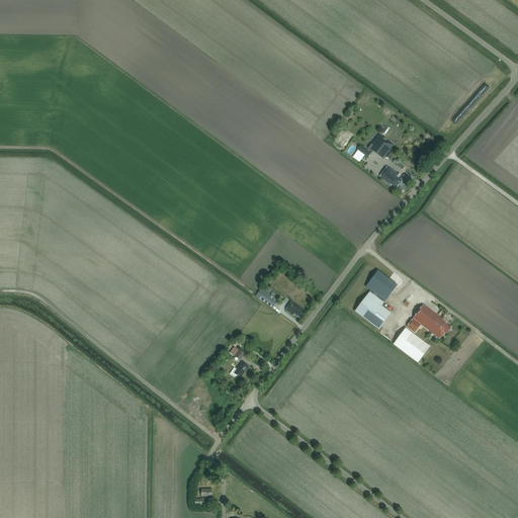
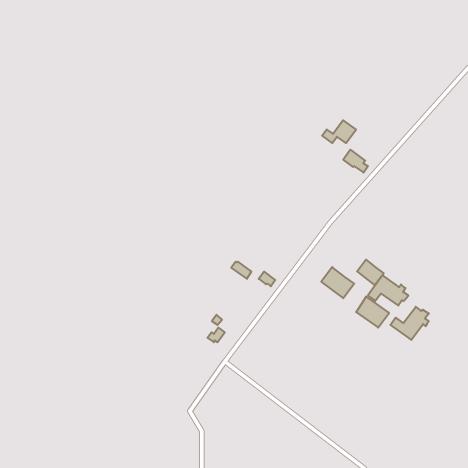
building: [367,269,397,297] -> [357,260,384,285]
building: none -> [390,307,429,340]

